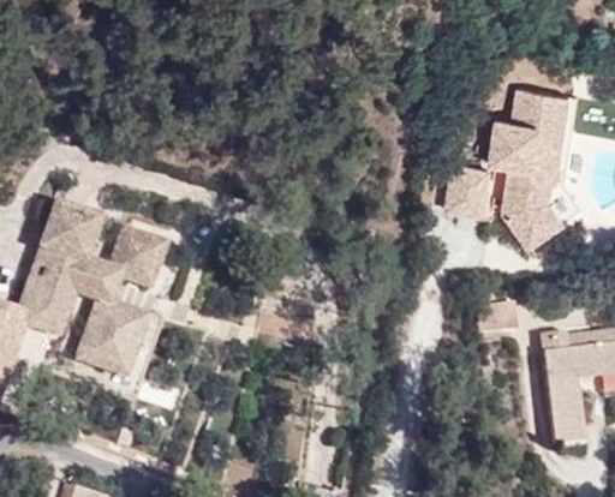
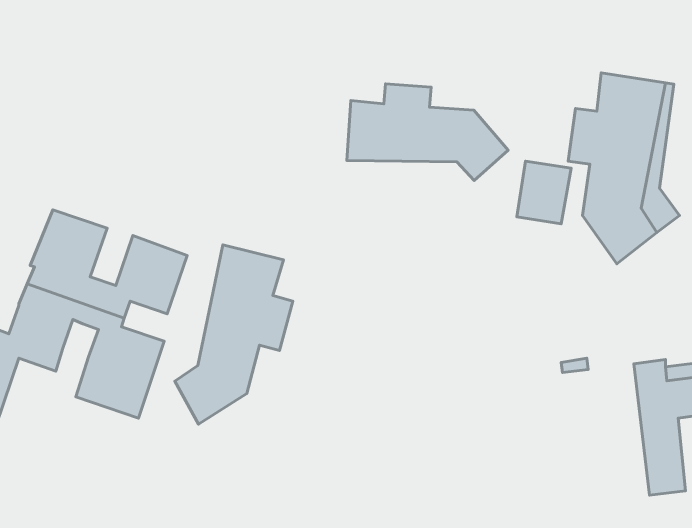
building: none -> [347,84,508,181]
building: none -> [175,245,293,424]

